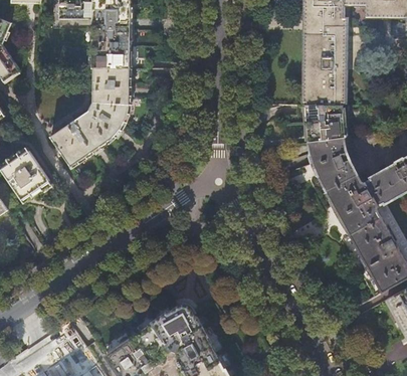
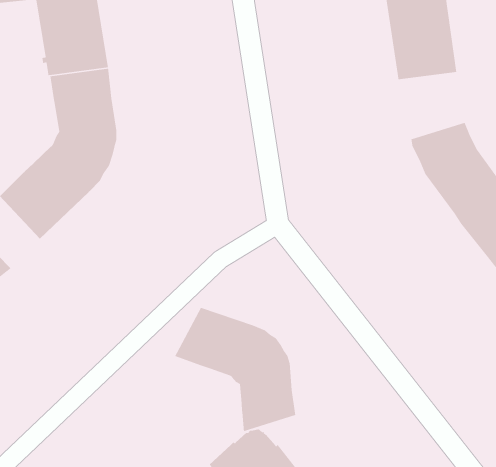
building: [306,105,346,142] -> none
building: none -> [174,307,296,432]

